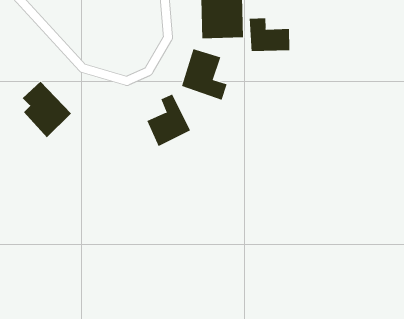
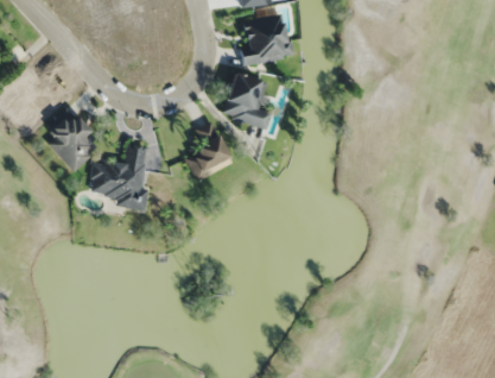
building: [249,18,290,52] -> none
building: none -> [93,145,151,212]

